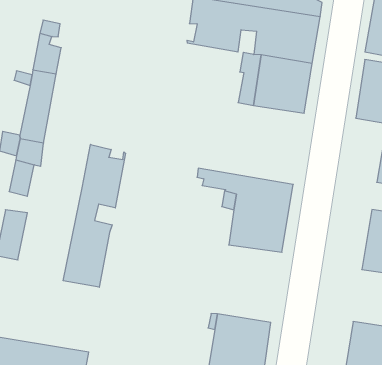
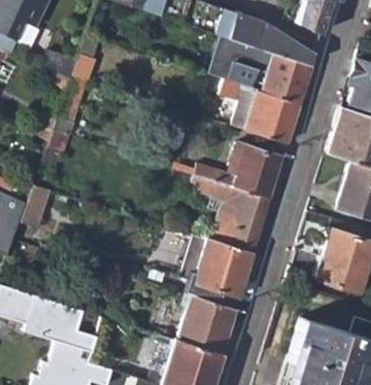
building: none -> [184,143,283,200]
building: [63,144,126,287] -> none
building: none -> [180,236,252,295]

